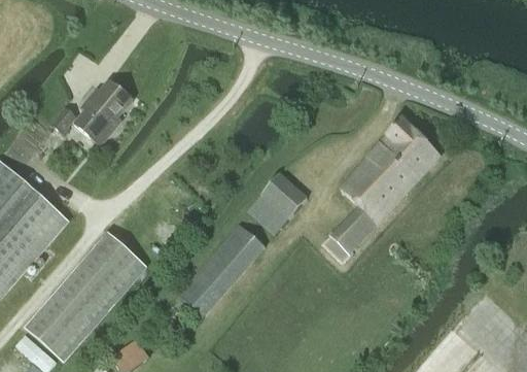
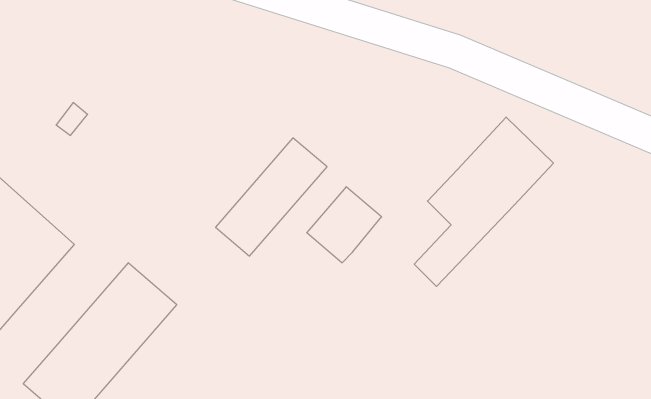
building: [74,78,133,145] -> none
building: [177,224,265,316] -> [216,138,327,256]

